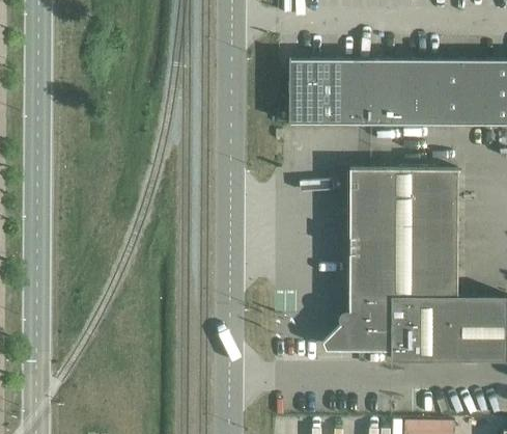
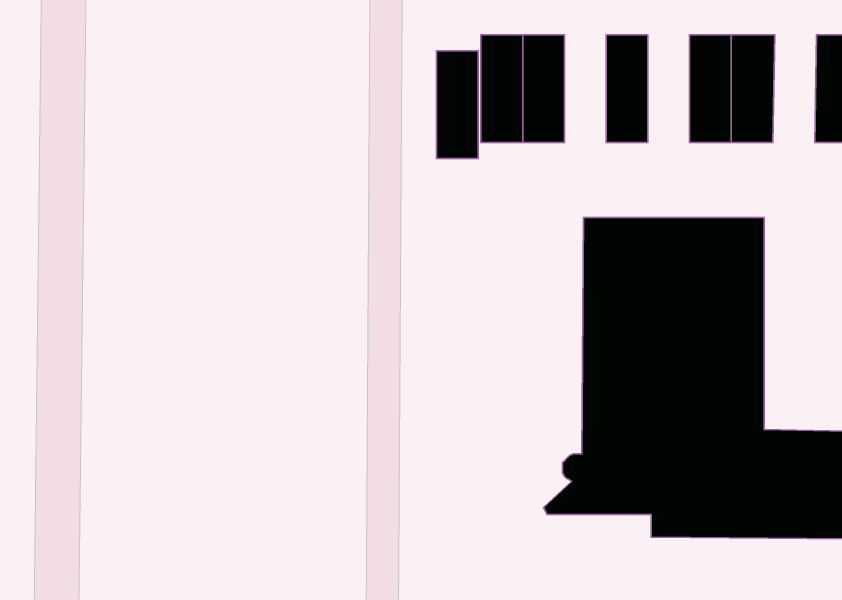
building: [339,59,364,124] -> [437,51,478,158]
building: [389,59,414,124] -> none
building: [463,59,489,124] -> none

